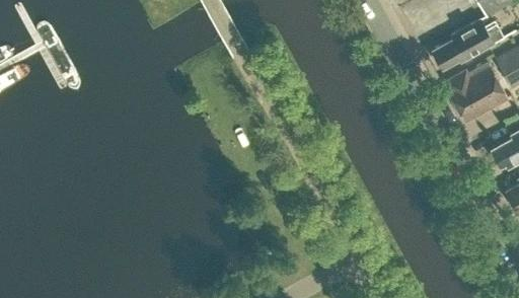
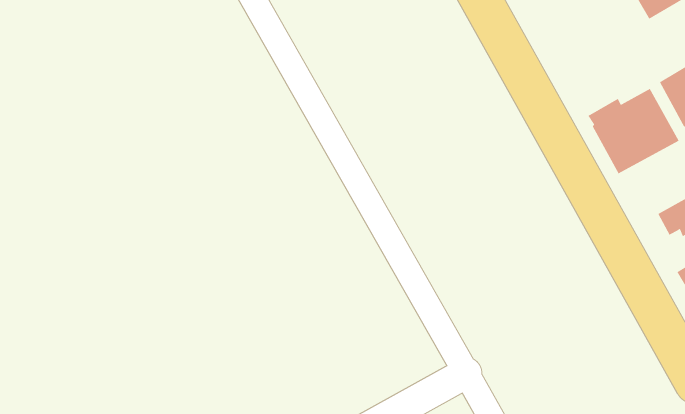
building: [432,20,504,70] -> none

